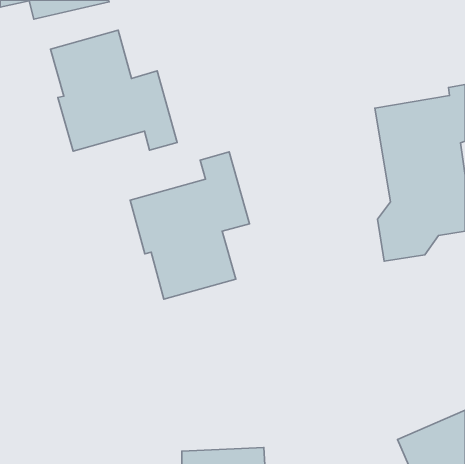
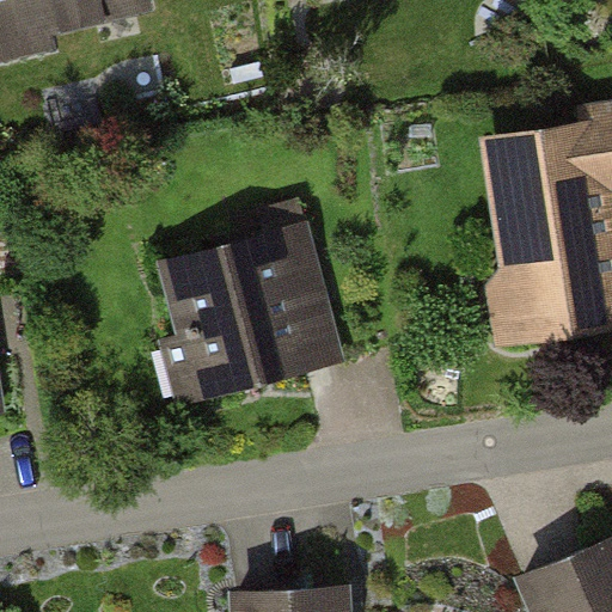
building: [50,30,177,151] -> none

